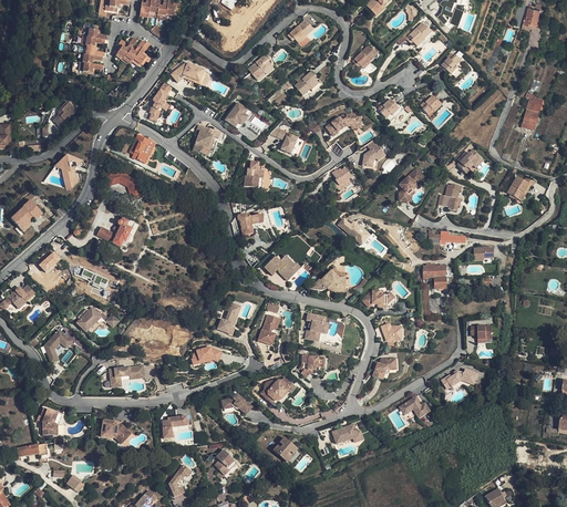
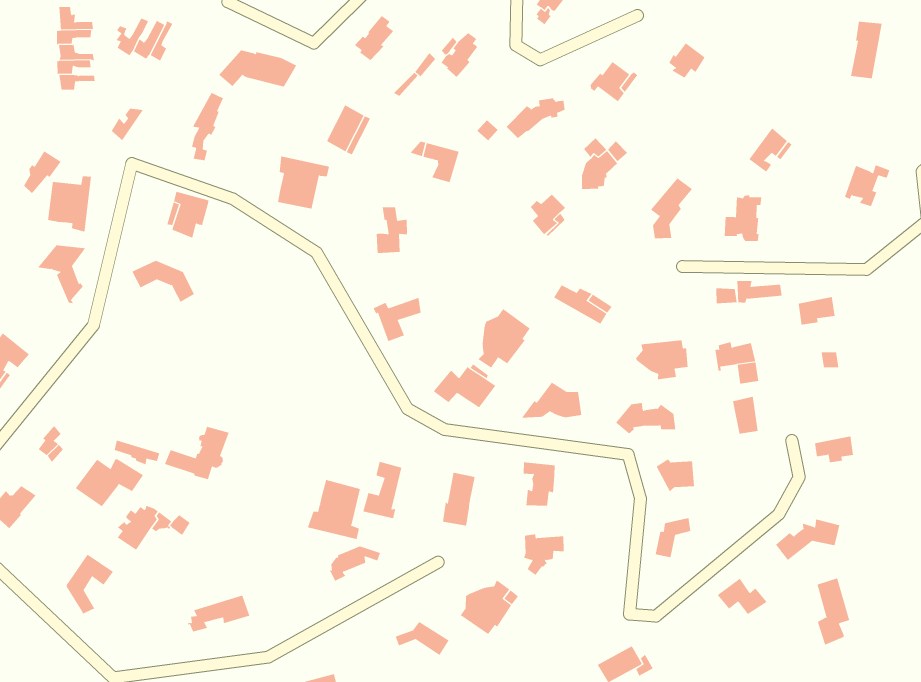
building: none -> [48,175,91,233]
building: [96,217,135,247] -> [164,426,230,480]
building: none -> [478,308,530,369]
building: none -> [635,340,688,380]
building: none -> [75,458,144,507]
building: none -> [307,479,361,540]
building: none -> [817,578,850,646]

